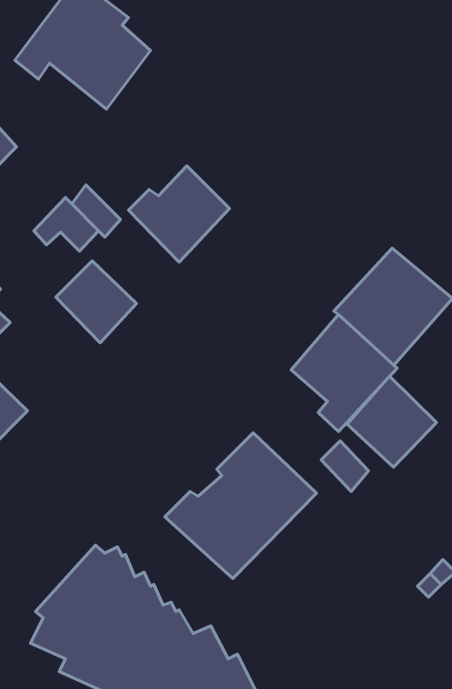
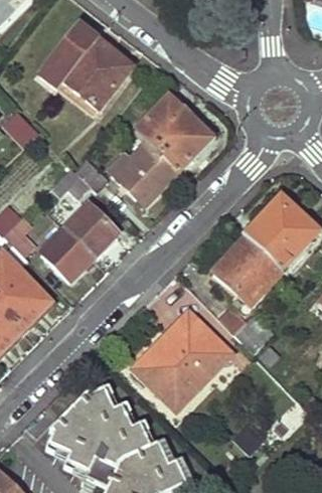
building: none -> [135,98,209,172]
building: none -> [41,228,94,282]
building: [347,376,437,467] -> none

